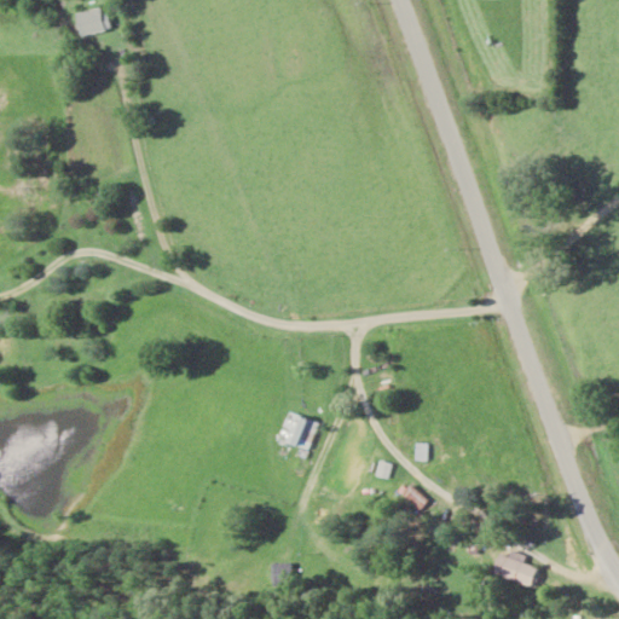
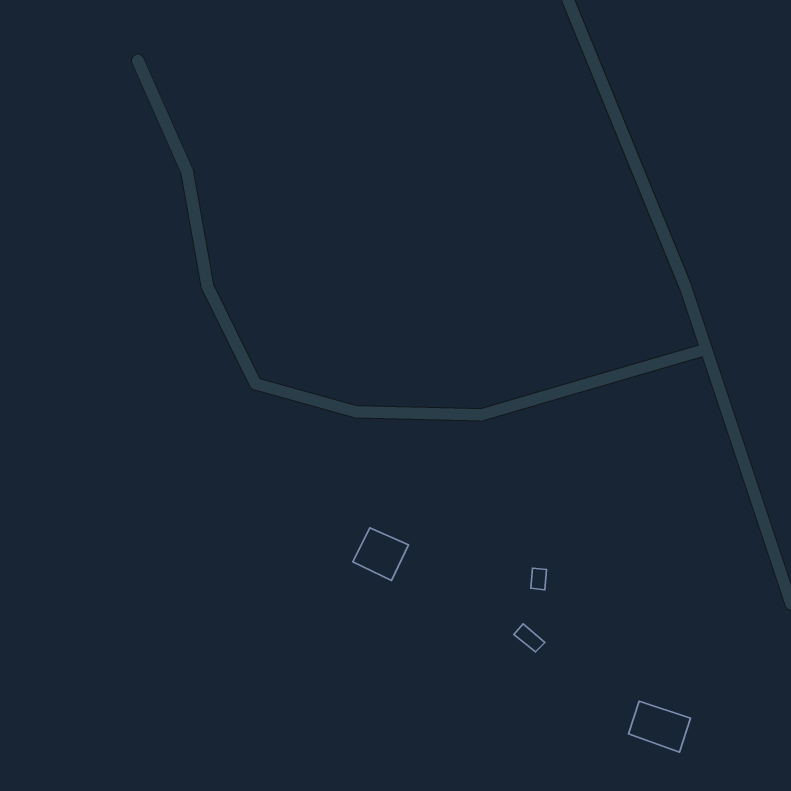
building: [73,6,108,37] -> none

